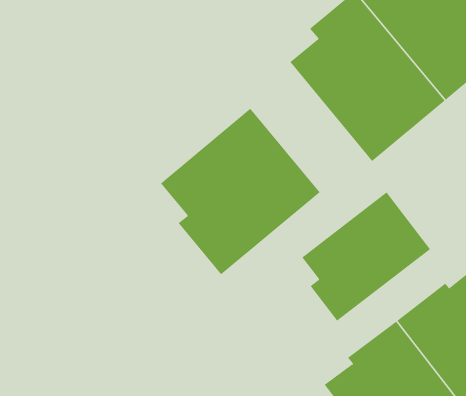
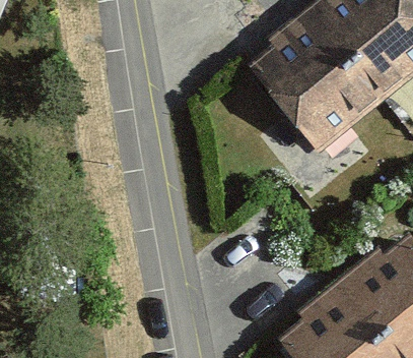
building: [160,108,320,275] -> none
building: [301,192,431,322] -> none

